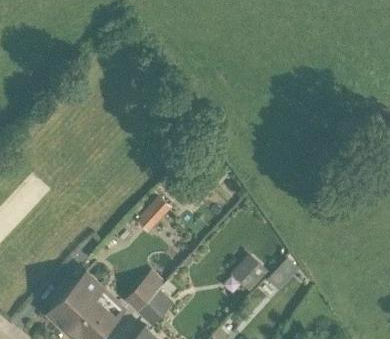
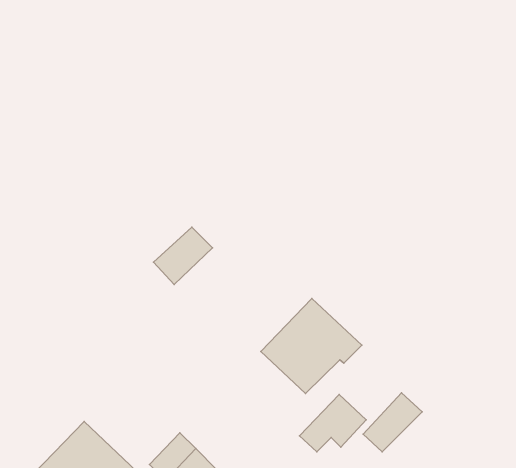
building: [134,195,171,231] -> [154,227,213,285]
building: none -> [261,298,362,393]

